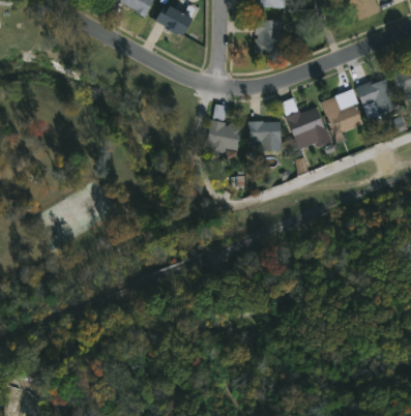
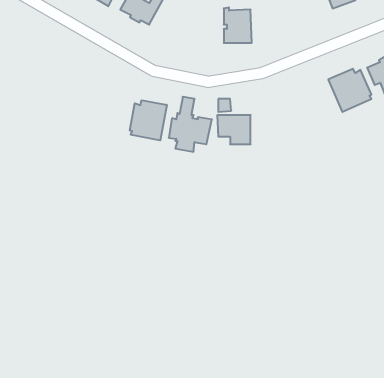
building: [321,95,363,137] -> none
building: [281,97,329,148] -> none
building: none -> [130,100,167,140]

